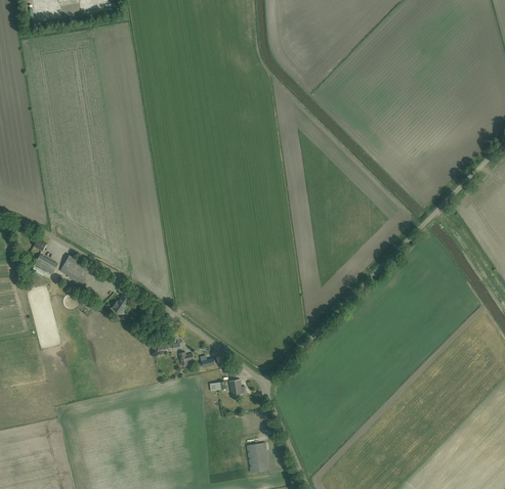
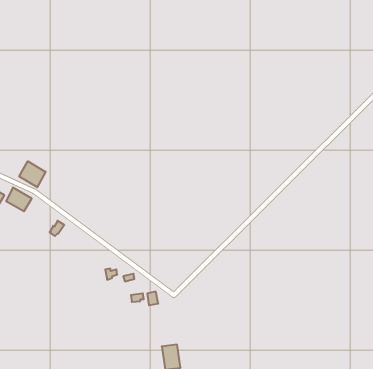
building: none -> [19,161,46,187]

